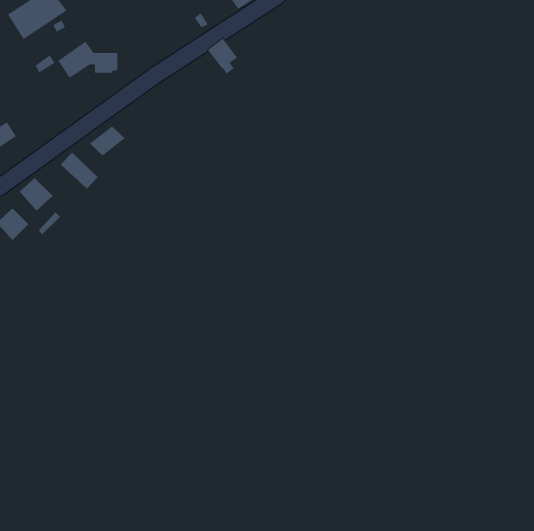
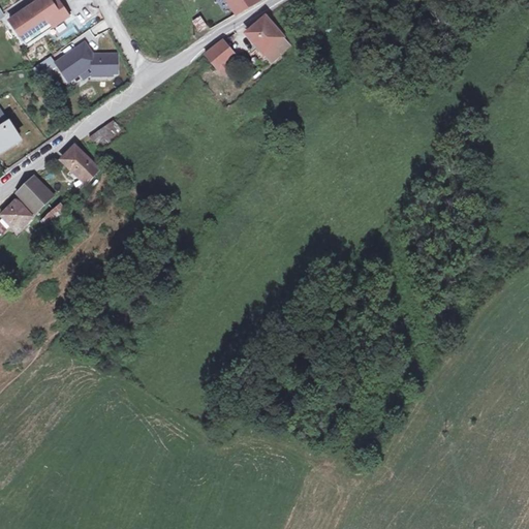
building: none -> [244,13,290,61]

